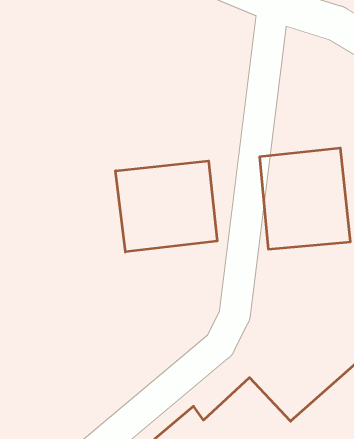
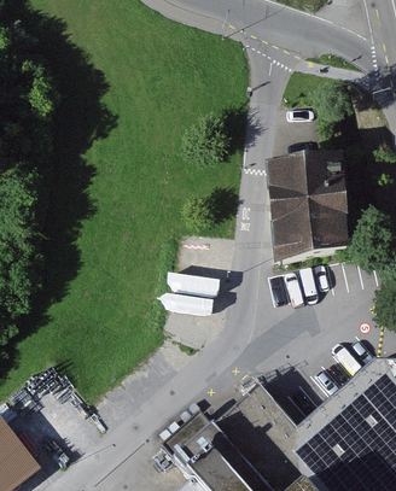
building: [116,161,217,252] -> none

